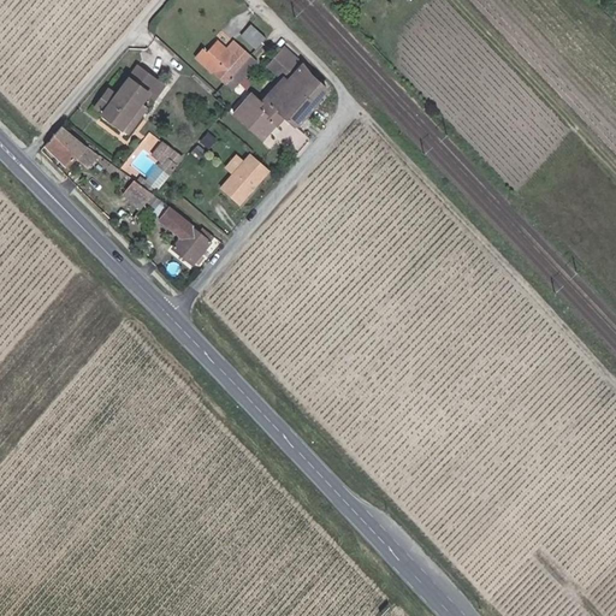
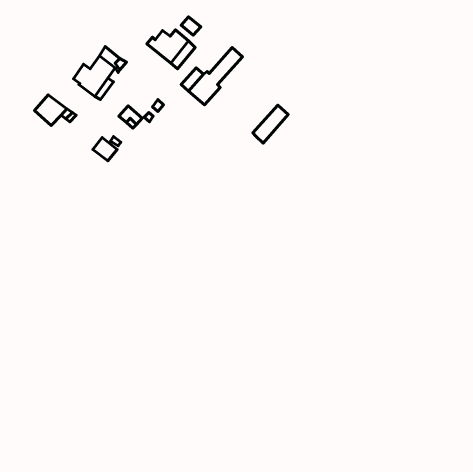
building: [268,48,301,99] -> none
building: [282,77,327,126] -> [253,105,288,143]
building: [218,155,268,208] -> none
building: [160,209,211,262] -> none

